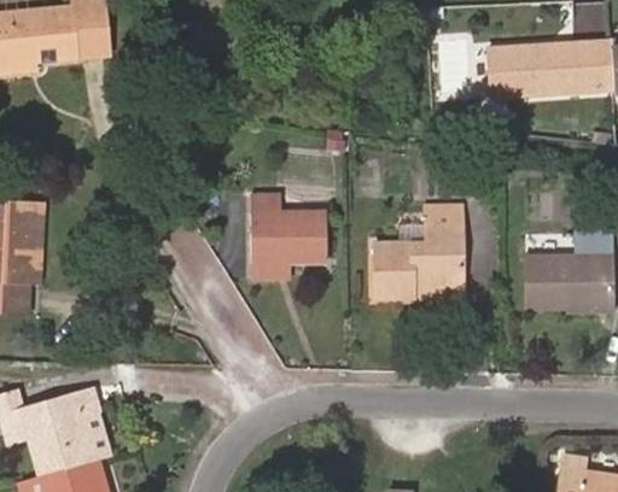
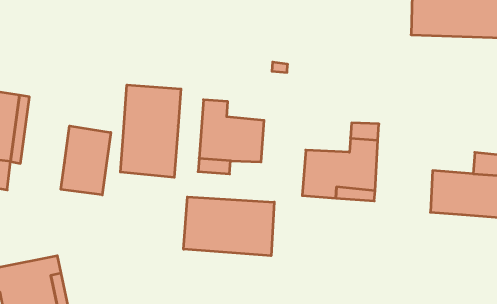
building: none -> [120,85,181,177]
building: none -> [61,126,111,195]
building: none -> [184,197,274,256]

